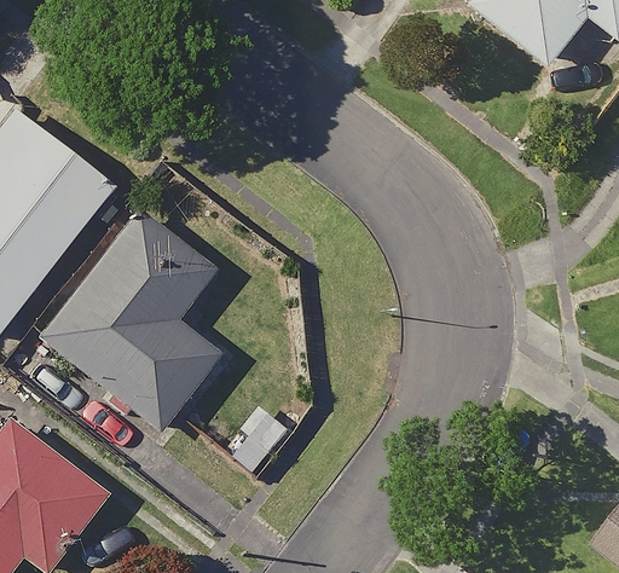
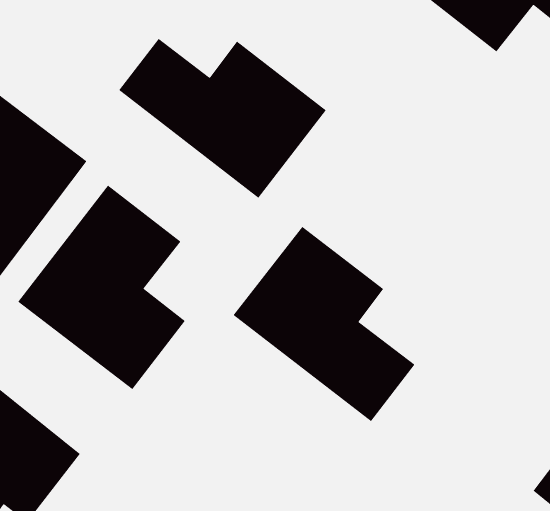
building: none -> [118,38,327,199]
building: none -> [232,226,415,422]

